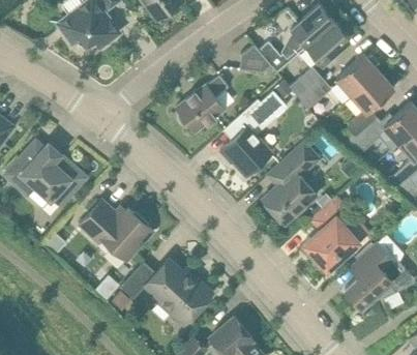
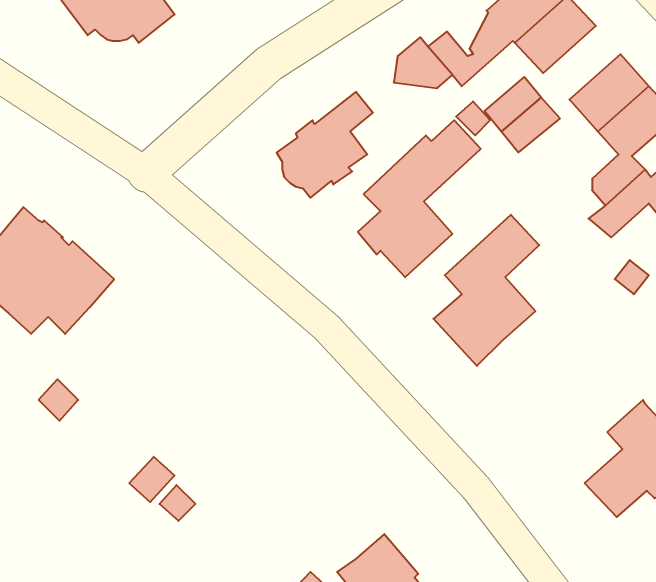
building: [302,197,359,270] -> none
building: [79,199,153,261] -> none
building: [120,258,212,325] -> none

